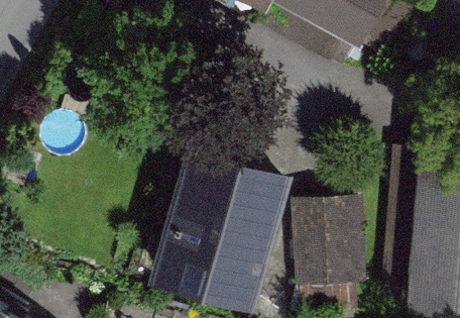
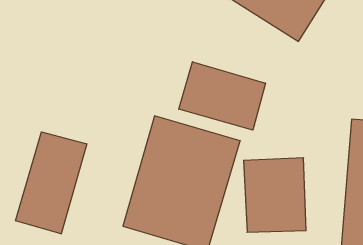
building: none -> [179,62,265,130]
building: none -> [15,132,87,234]

